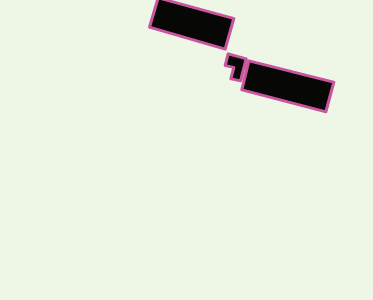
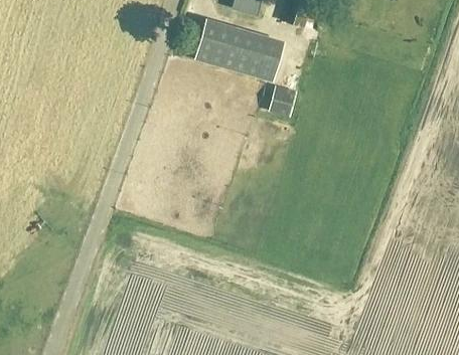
building: [242,61,334,112] -> none

